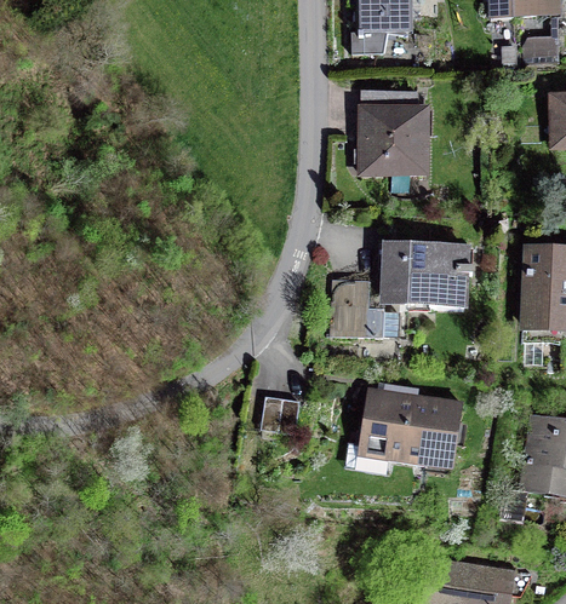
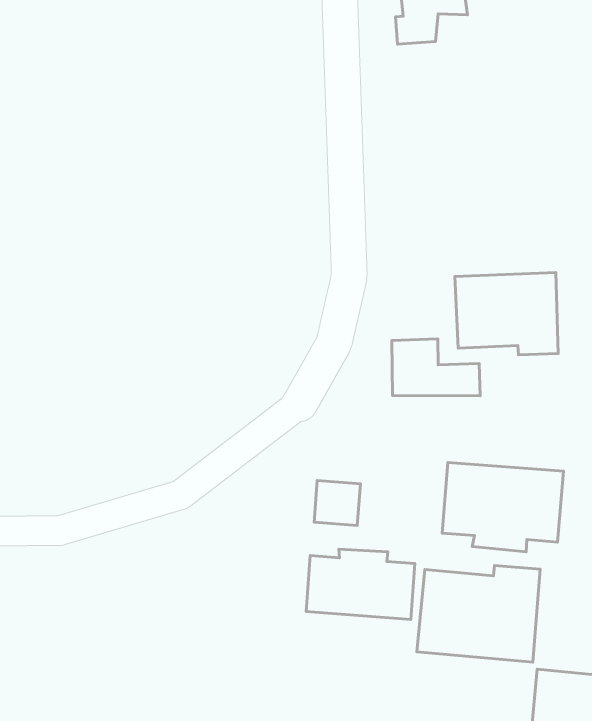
building: [361,93,425,176] -> none
building: none -> [306,549,415,620]
building: none -> [417,565,540,662]

